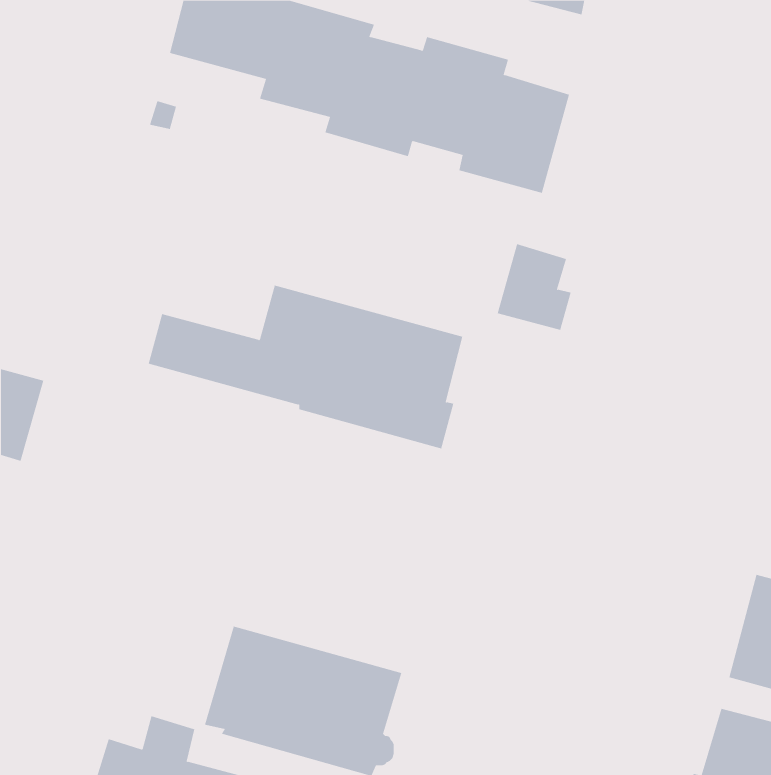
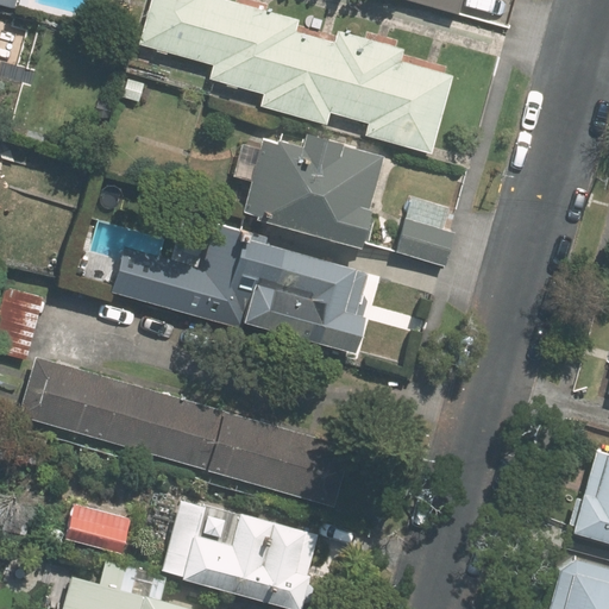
building: none -> [249,126,389,238]
building: none -> [14,360,346,508]
building: none -> [63,508,131,558]

